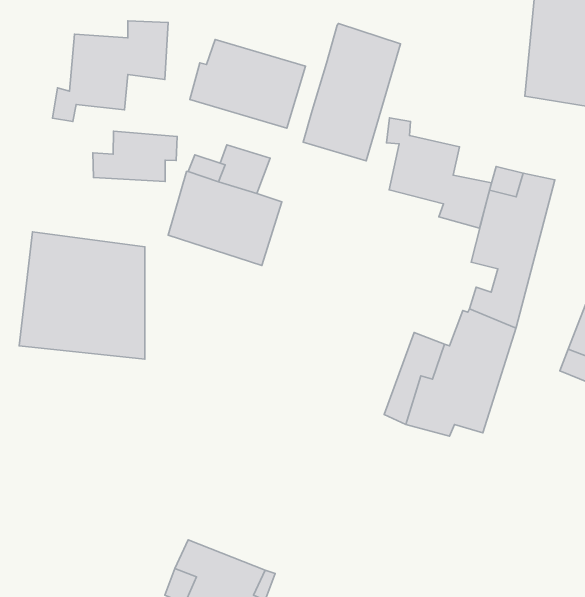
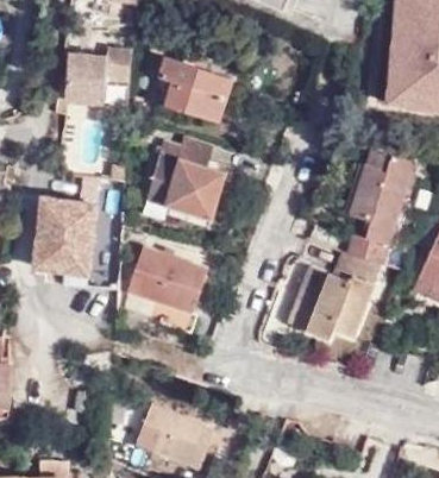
building: [303,23,400,161] -> none
building: [387,118,491,228] -> none
building: [93,131,177,182] -> none
building: none -> [126,247,207,335]

